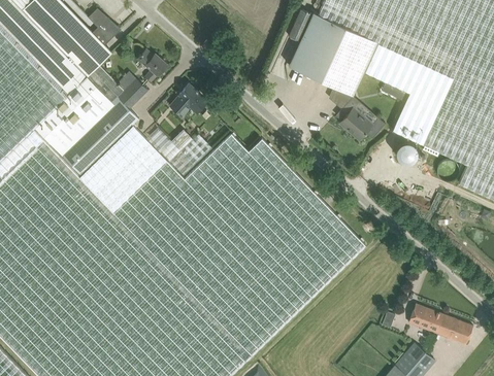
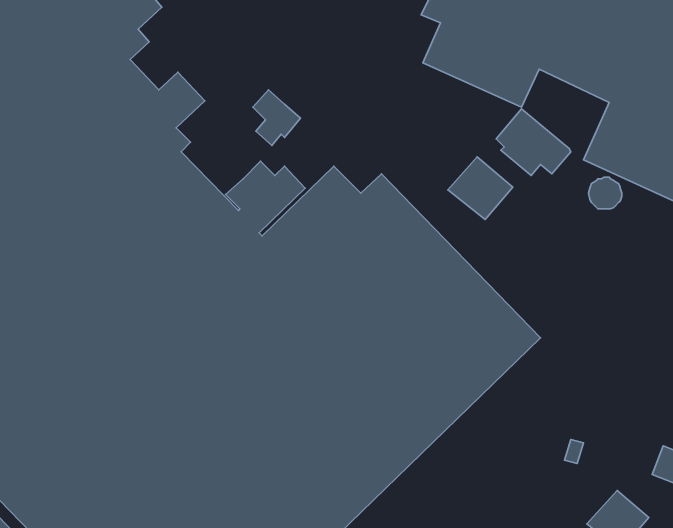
building: [137,49,166,81] -> none
building: none -> [448,157,513,220]
building: [408,305,444,334] -> none

